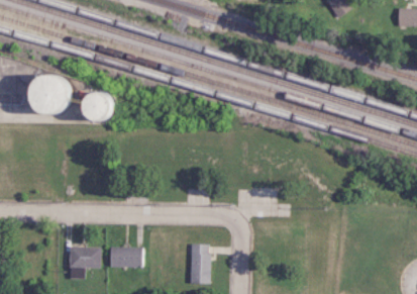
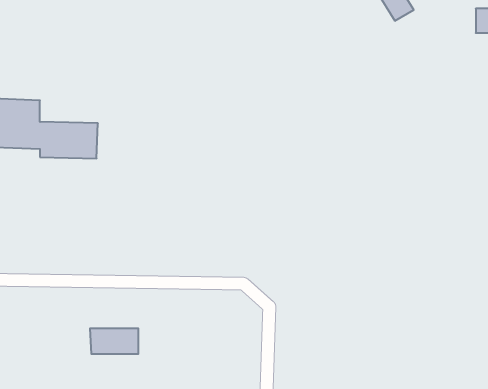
building: [191,243,211,284] -> none
building: [70,248,100,279] -> none

